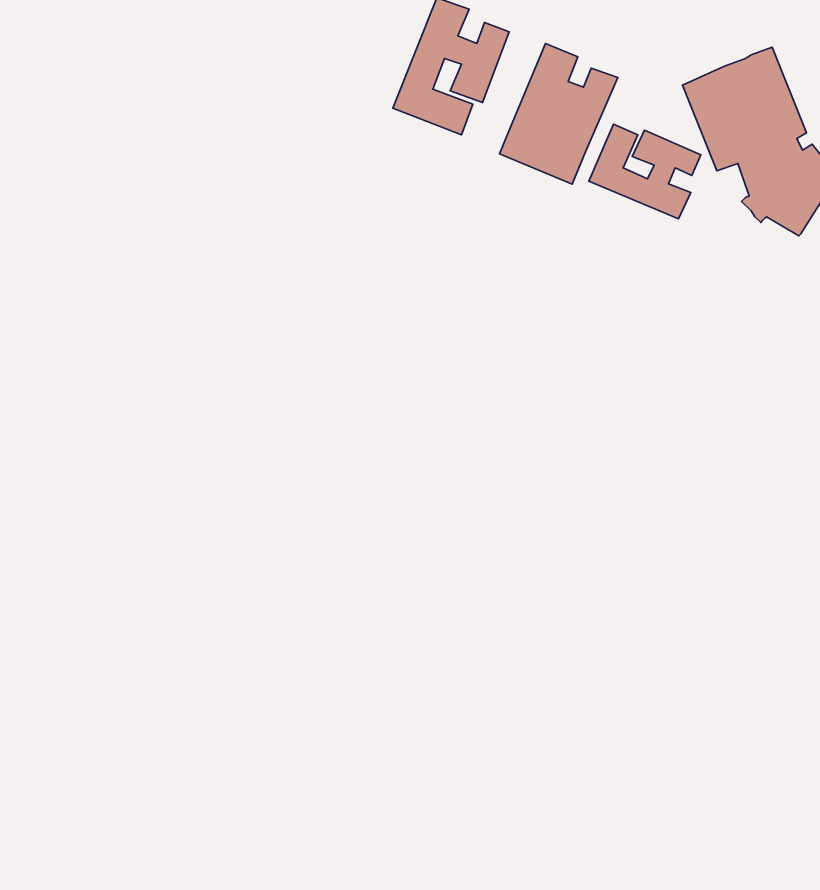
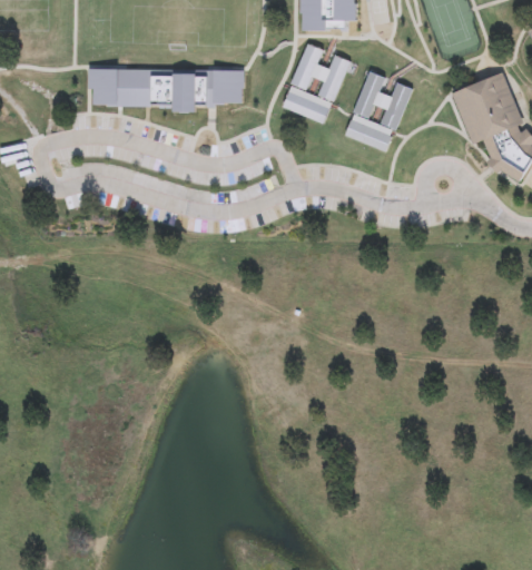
building: none -> [88,69,245,111]
building: [589,124,701,219] -> none

